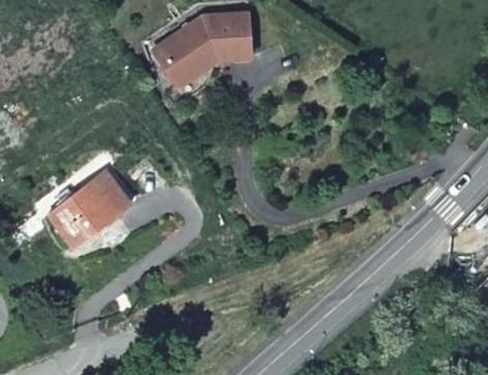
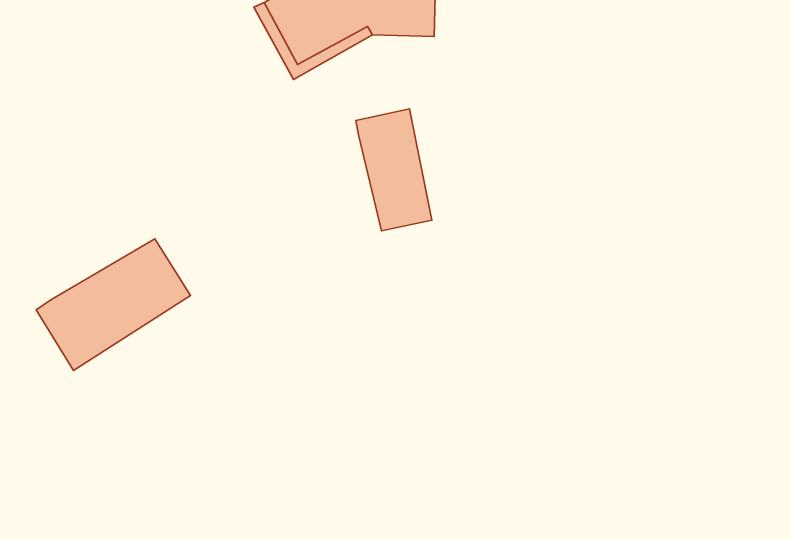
building: none -> [356,109,432,231]

